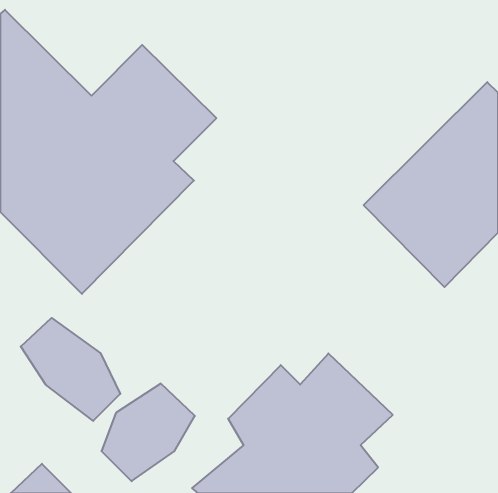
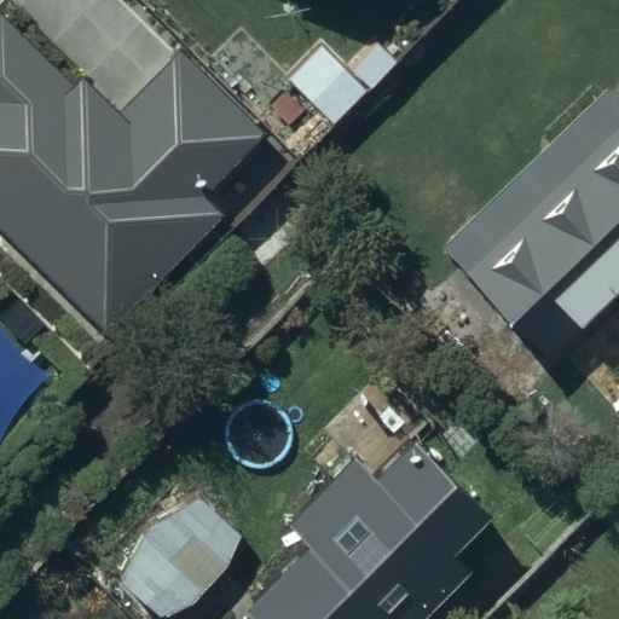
building: [21,318,120,421] -> none

